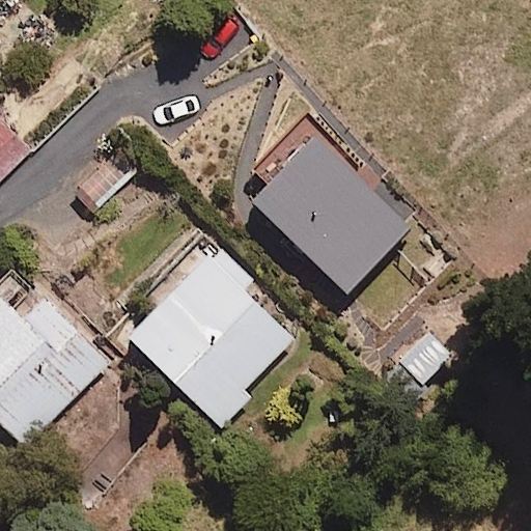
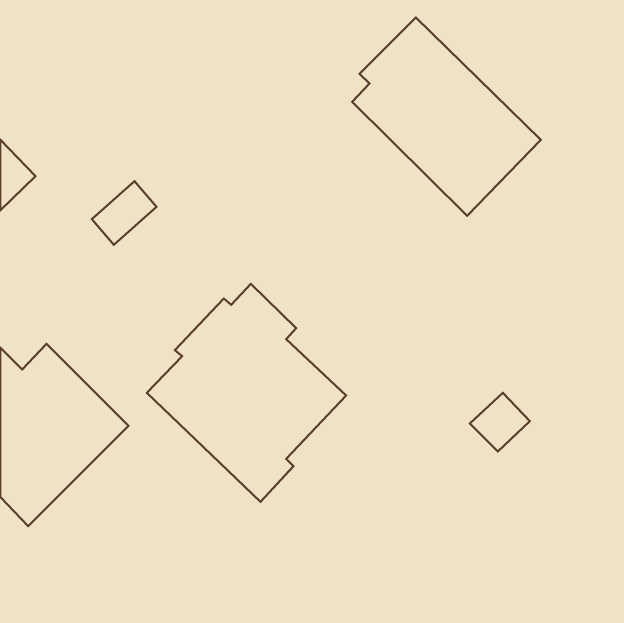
building: [248,123,408,291] -> [352,18,541,216]

